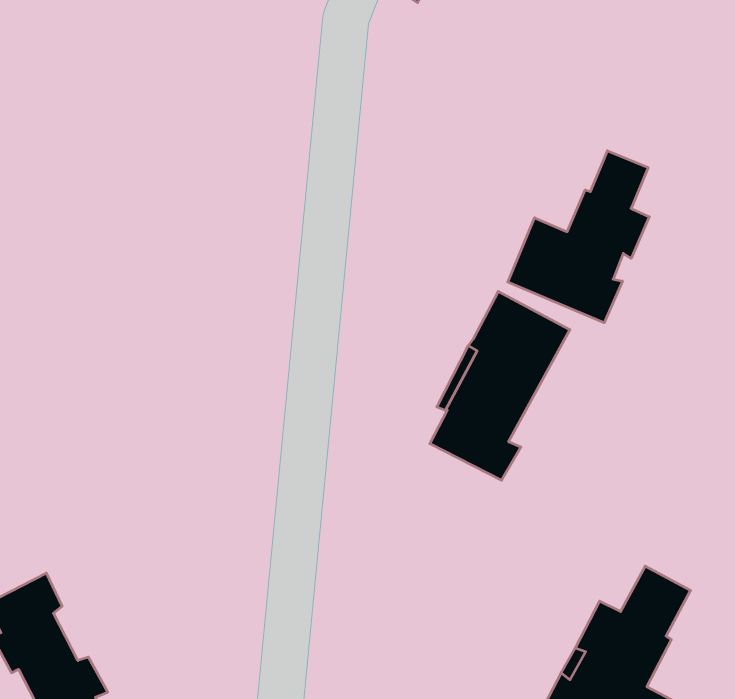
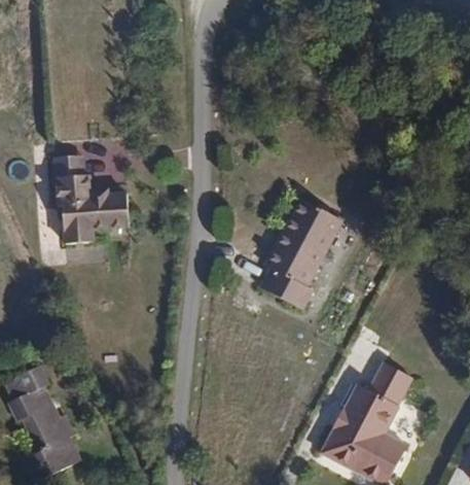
building: [508,151,649,323] -> none
building: none -> [52,172,125,241]

